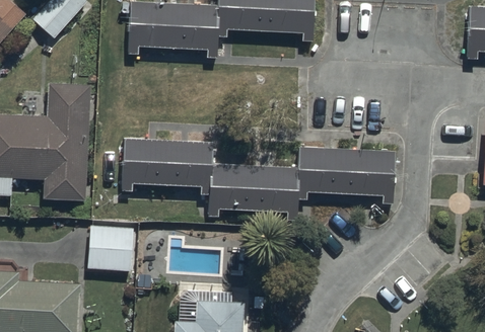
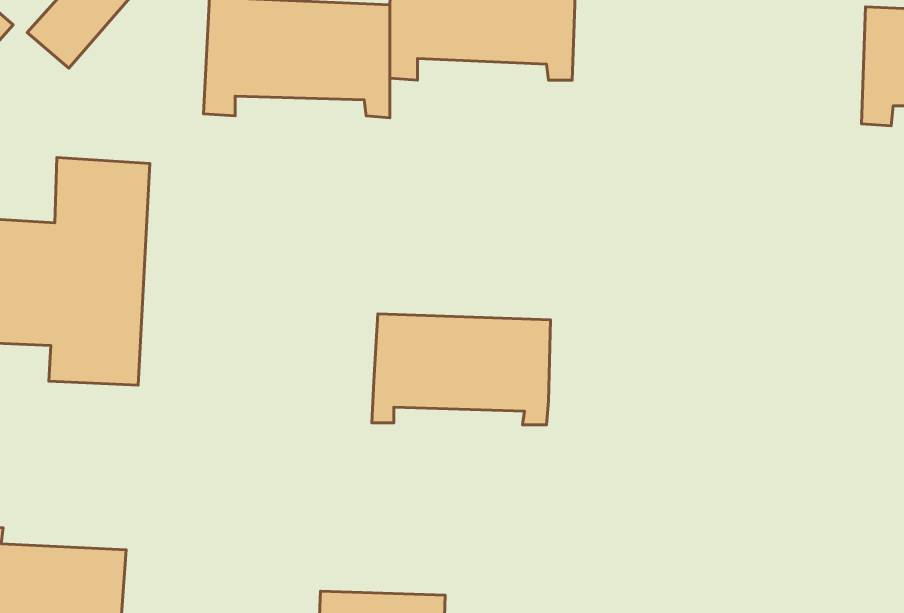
building: [120,136,212,196] -> none
building: [298,147,395,209] -> none
building: [87,225,133,270] -> none

